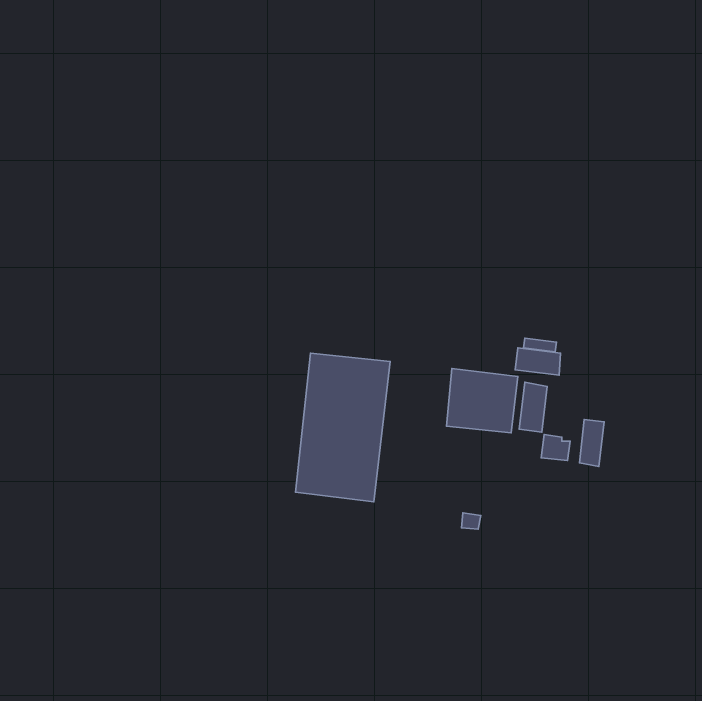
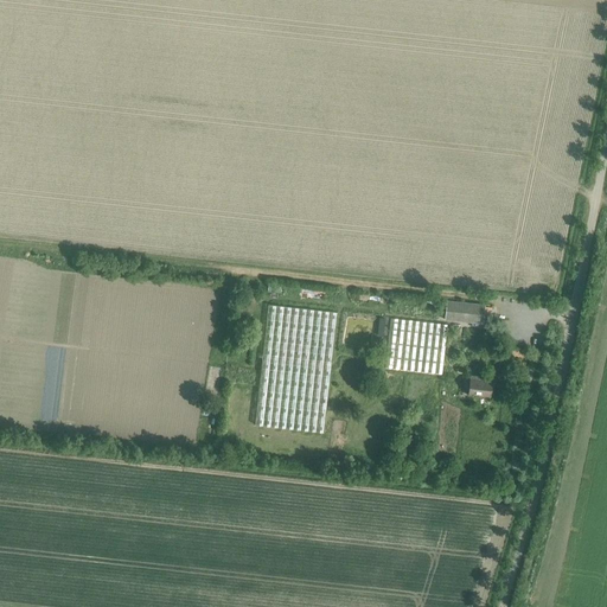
building: [519,382,547,432] -> none
building: [579,419,604,466] -> none

